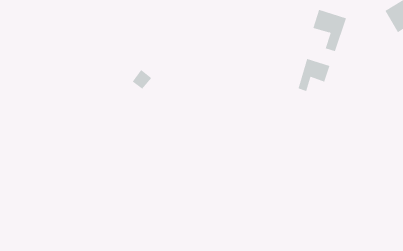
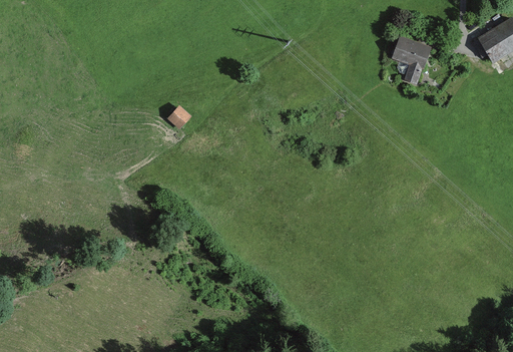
building: [298,58,330,92] -> none

